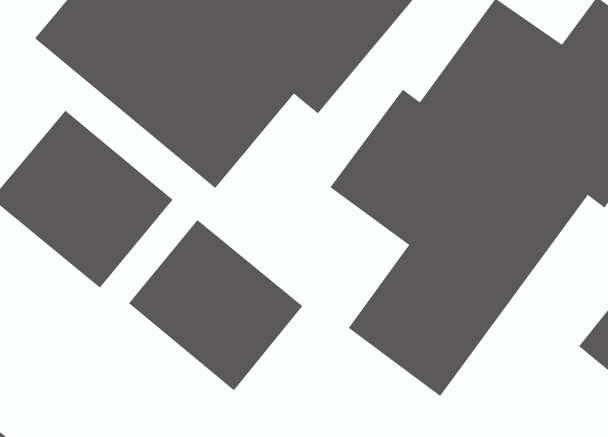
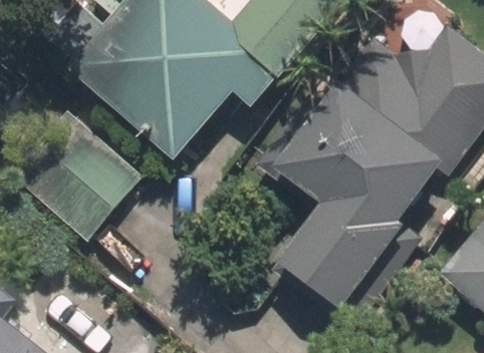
building: [128,219,303,391] -> none

